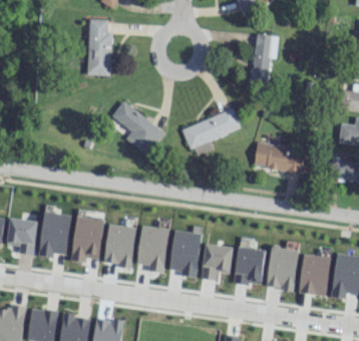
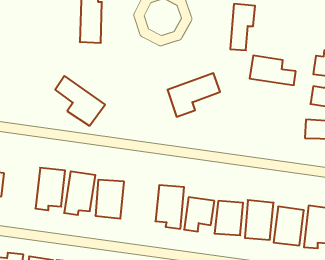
building: [111,101,165,155] -> [55,76,105,126]
building: [253,141,303,174] -> [250,55,296,85]
building: [7,219,37,255] -> none
building: [136,226,168,273] -> none

